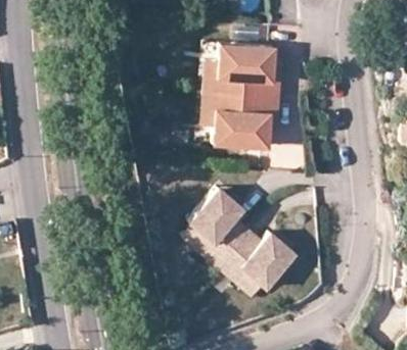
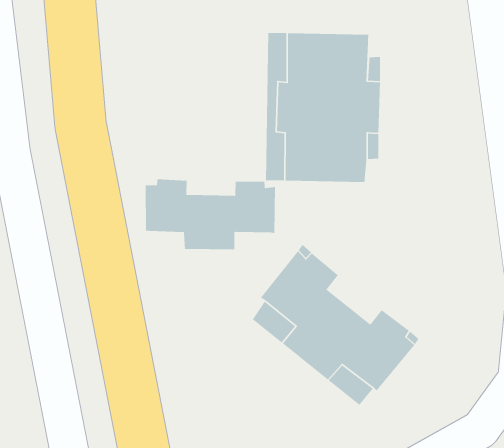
building: none -> [145,179,276,250]

